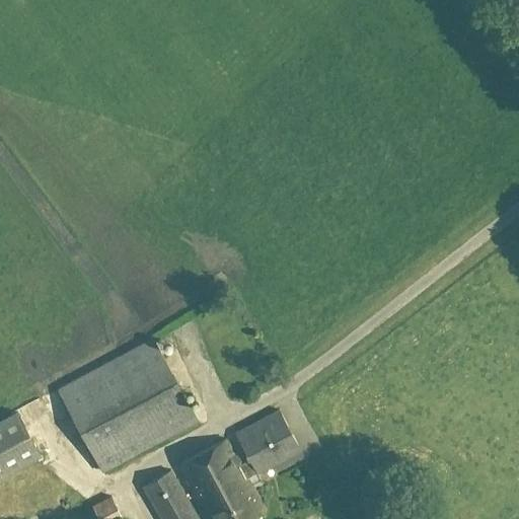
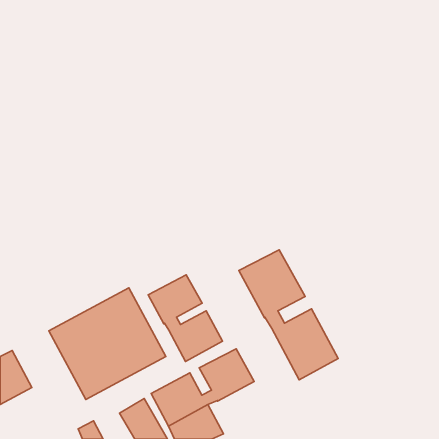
building: none -> [239,250,338,380]
building: none -> [148,275,223,361]

